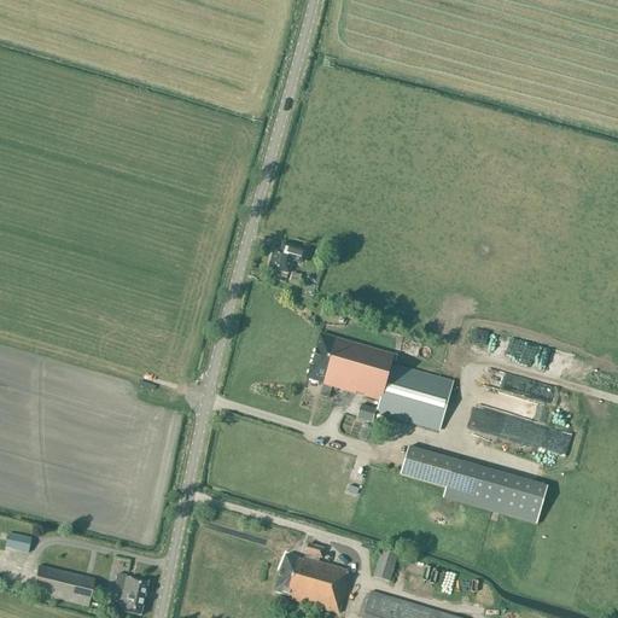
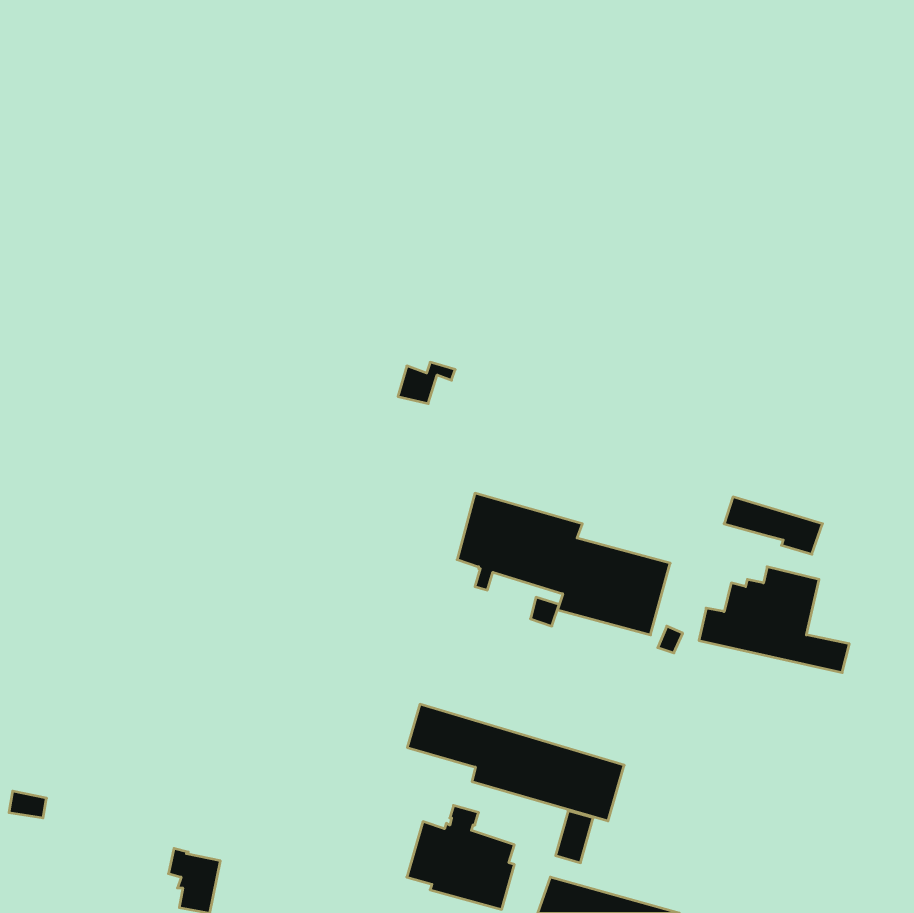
building: [401,444,547,523] -> [407,704,624,821]
building: [33,565,94,605] -> none

